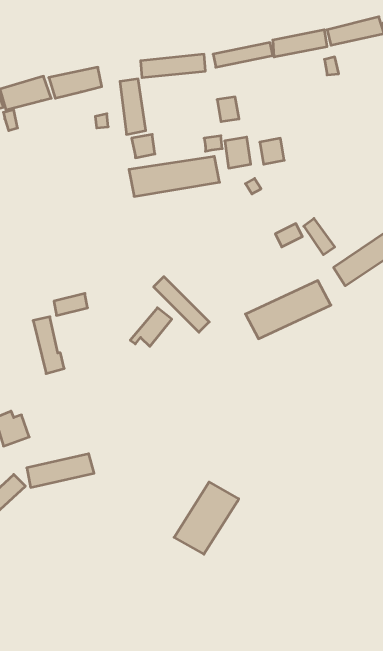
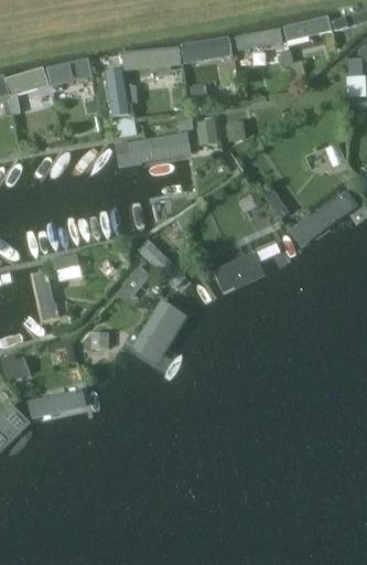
building: [174,482,239,554] -> [131,301,186,363]

